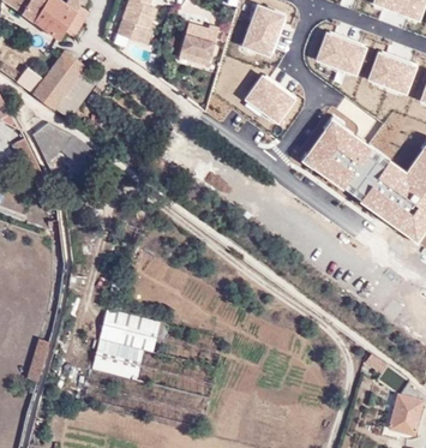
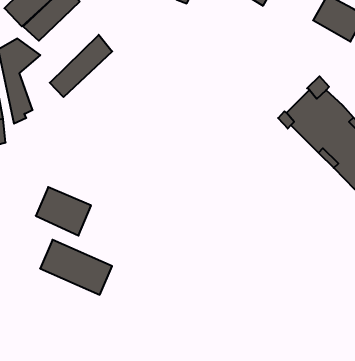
building: [247,76,296,121] -> none
building: none -> [50,35,112,97]
building: [94,339,144,380] -> [36,187,91,236]

